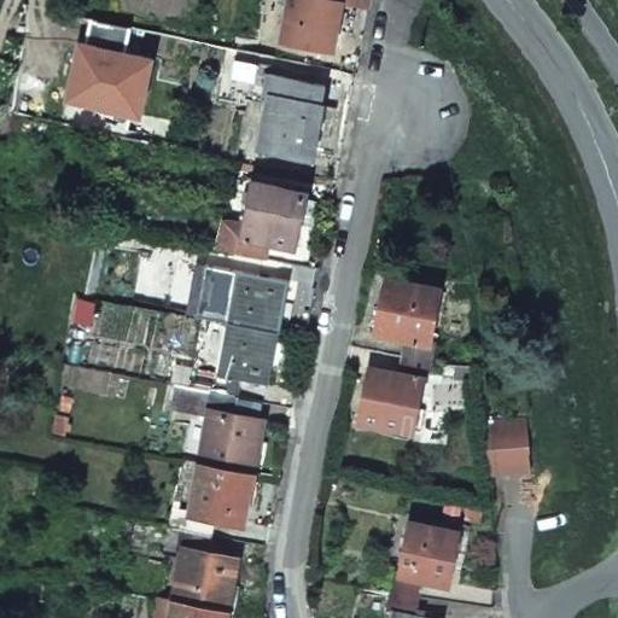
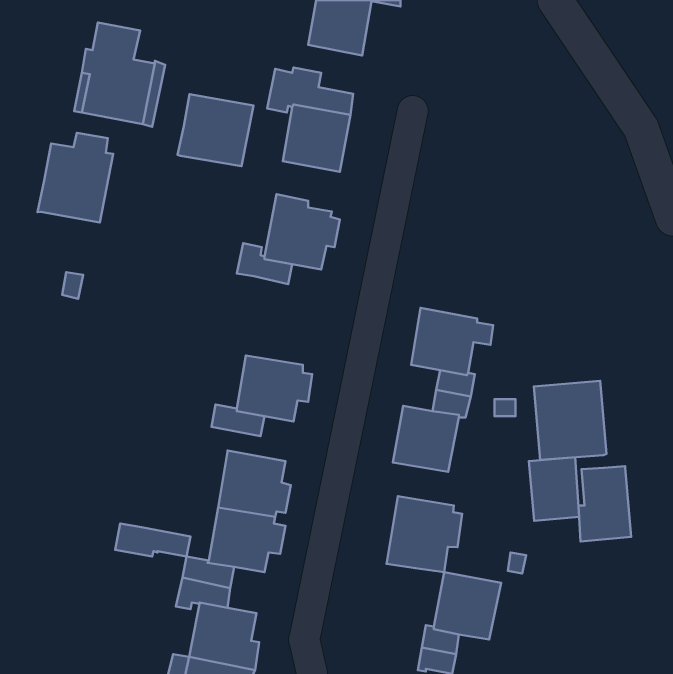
building: none -> [178,94,253,166]
building: none -> [38,133,113,222]
building: [194,268,287,334] -> none
building: none -> [534,381,607,460]
building: [169,387,238,418] -> [115,523,190,556]
building: none -> [579,466,631,542]
building: none -> [386,496,462,572]

